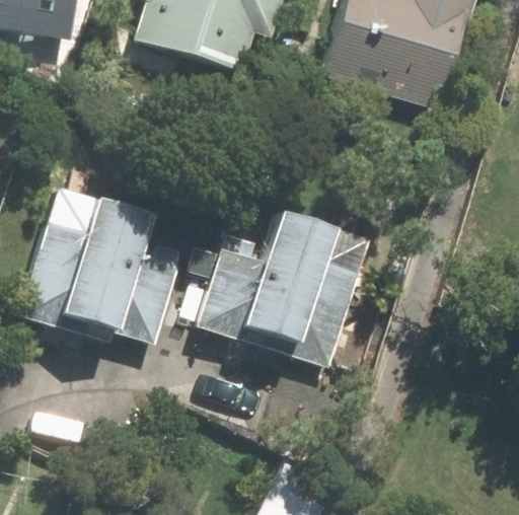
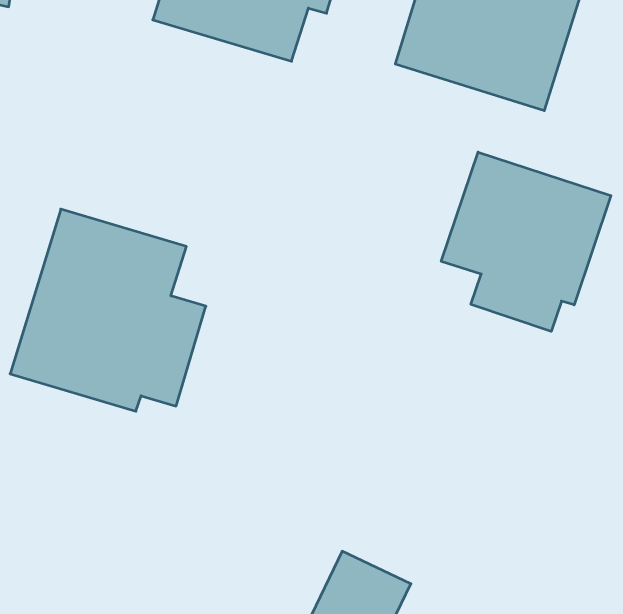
building: none -> [441,152,611,331]
building: [196,209,372,368] -> none

